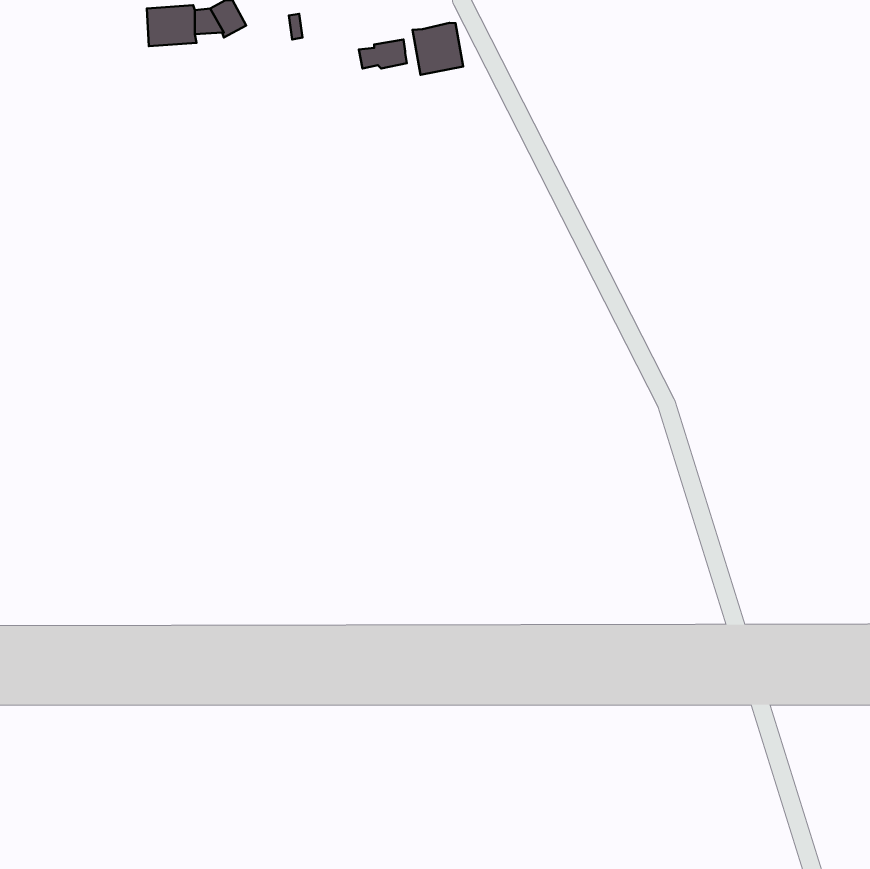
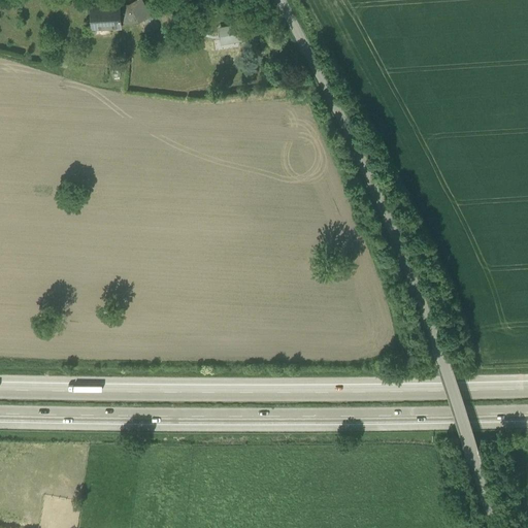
building: [413,23,463,75] -> none

